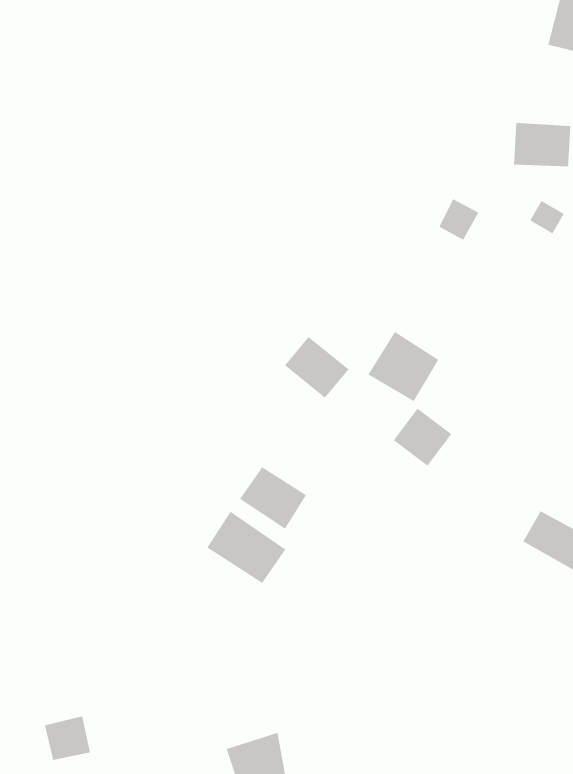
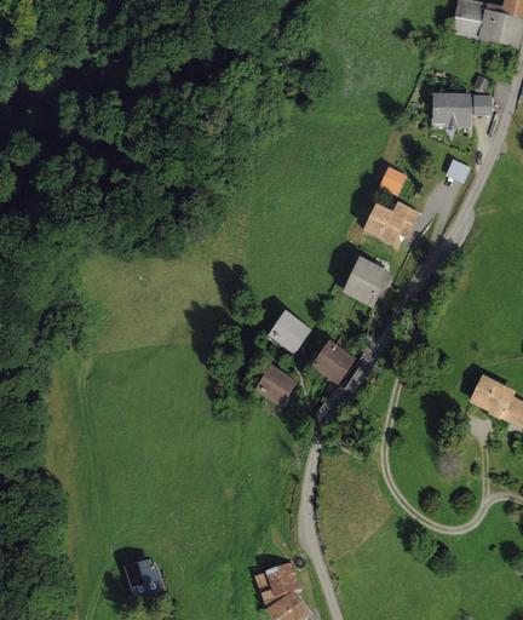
building: none -> [368,200,423,243]
building: [284,336,349,399] -> [268,311,316,356]
building: [393,408,452,466] -> [314,340,357,383]
building: [206,511,286,584] -> none

